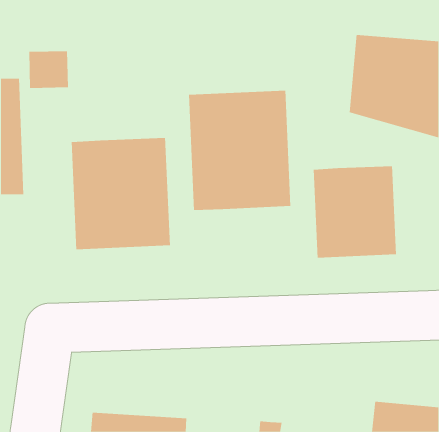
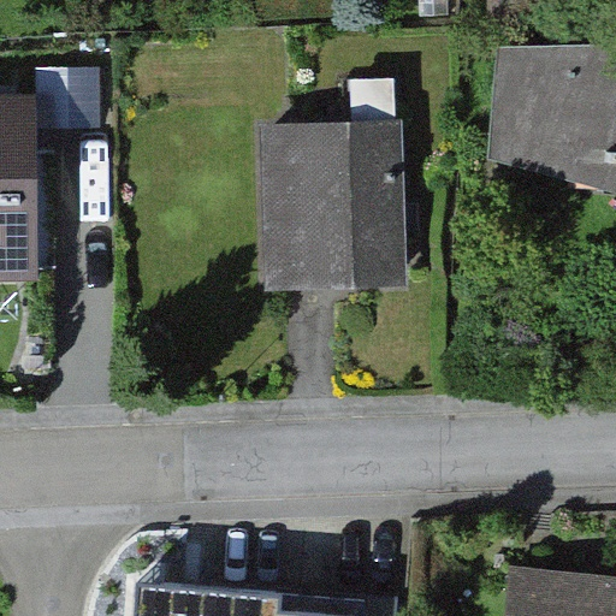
building: [71,137,170,250] -> none
building: [313,166,396,258] -> none

